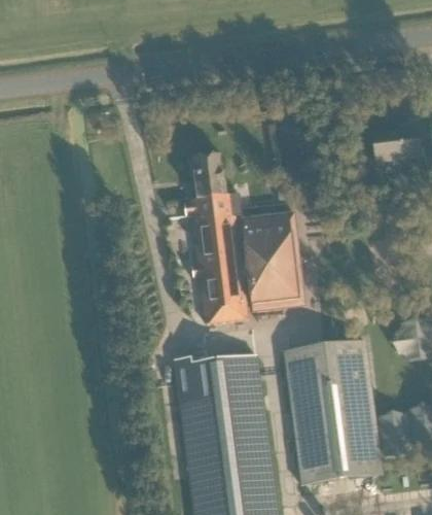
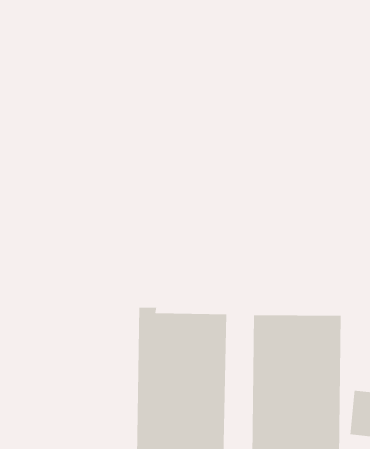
building: [187,152,304,322] -> none

